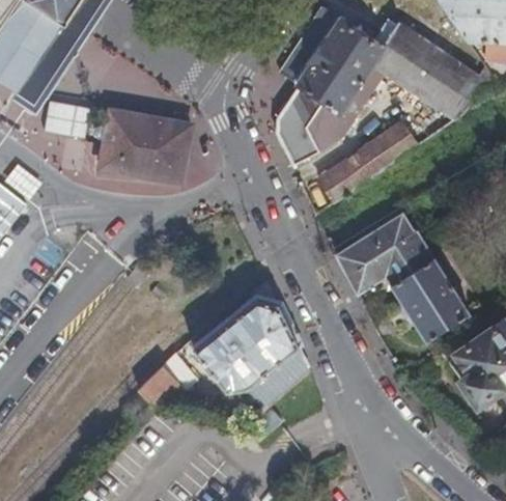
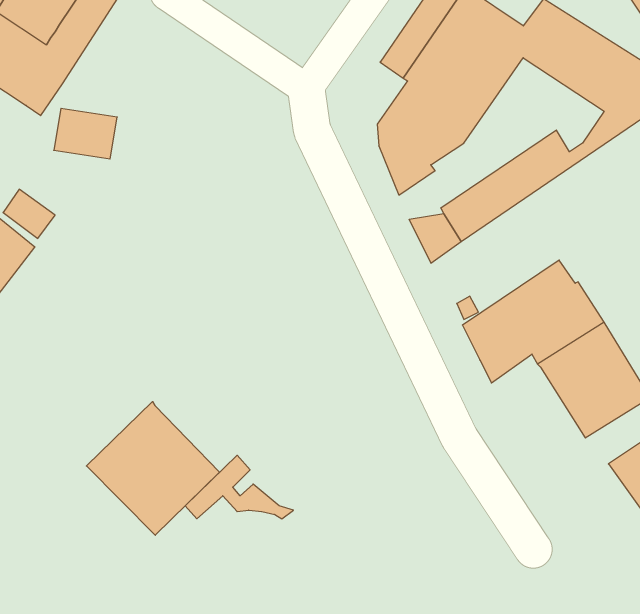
building: [105,107,200,182] -> none
building: [195,299,309,408] -> none
building: none -> [86,402,219,535]

